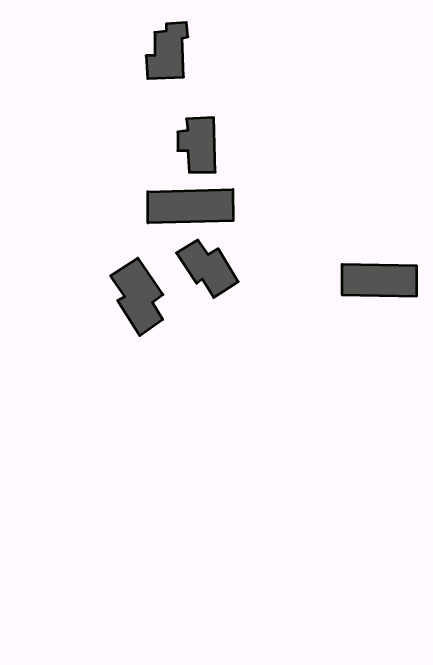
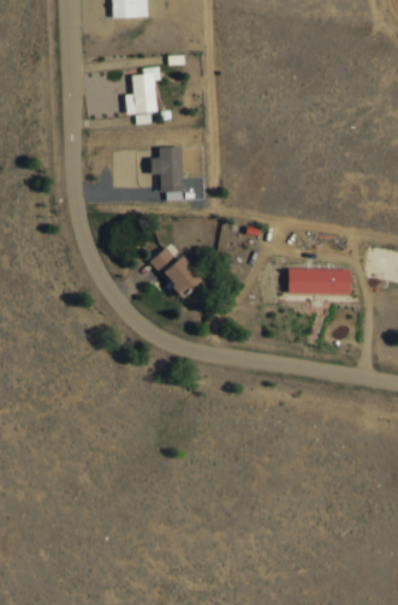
building: [148,189,233,223] -> none
building: [111,258,163,336] -> none

